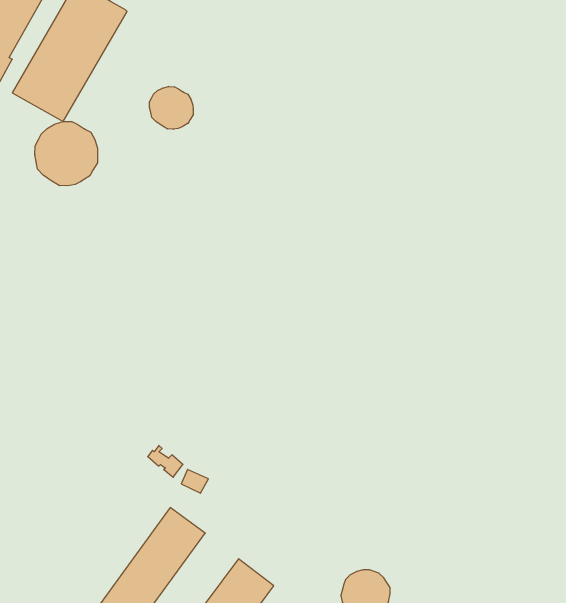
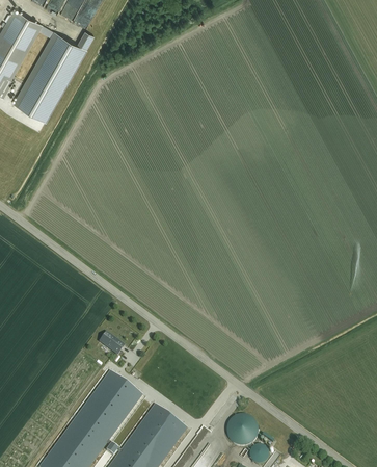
building: [150,86,193,129] -> none
building: [35,121,98,186] -> none

